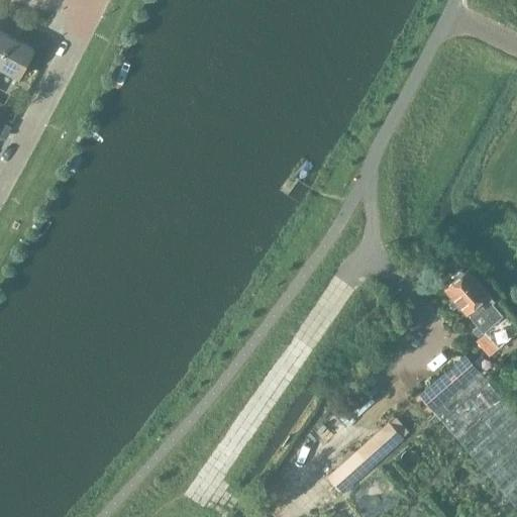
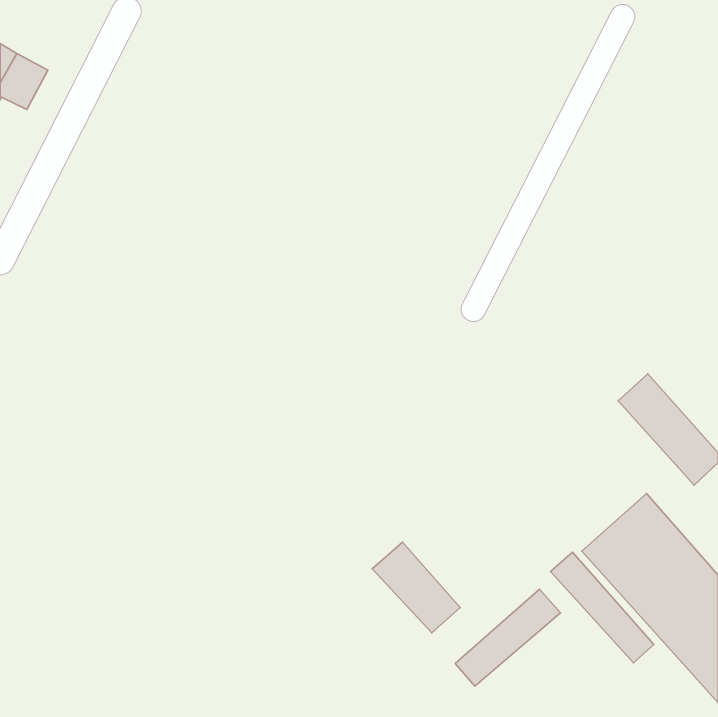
building: none -> [372,542,460,633]
building: none -> [551,552,654,663]

